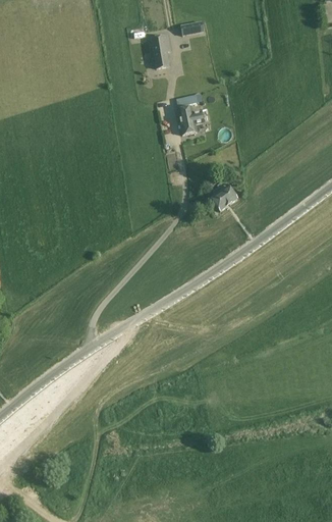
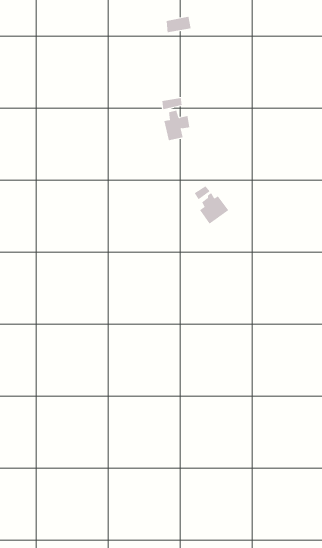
building: [151,35,170,68] -> none

